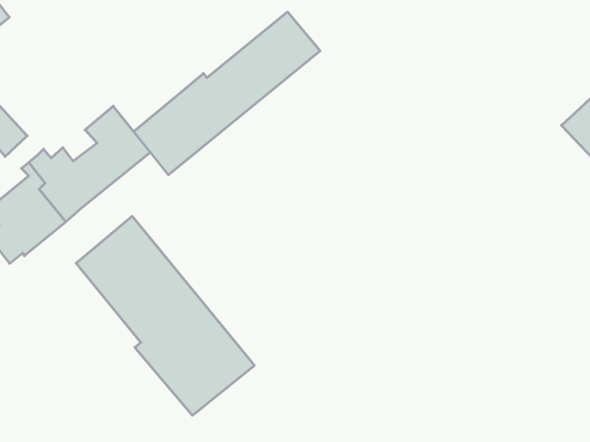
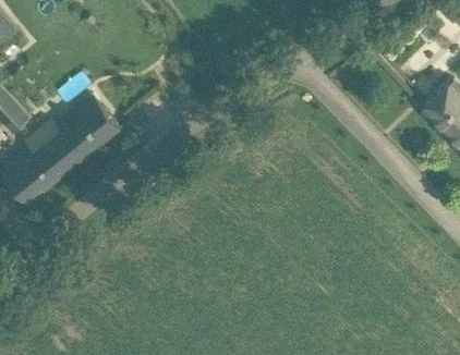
building: [134,12,320,175] -> none
building: [76,216,254,415] -> none

